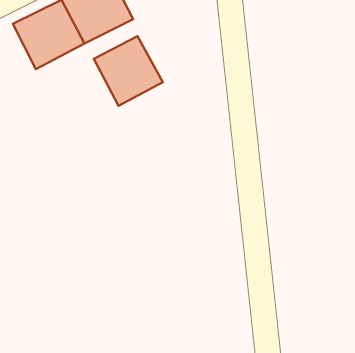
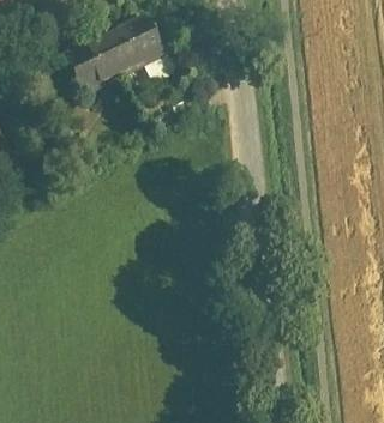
building: [94,36,163,106] -> none

